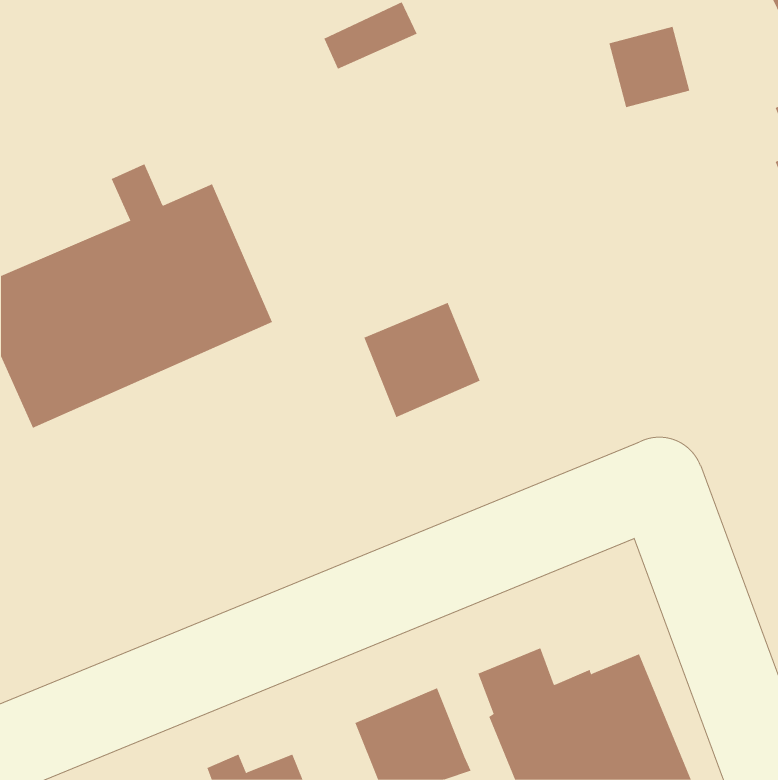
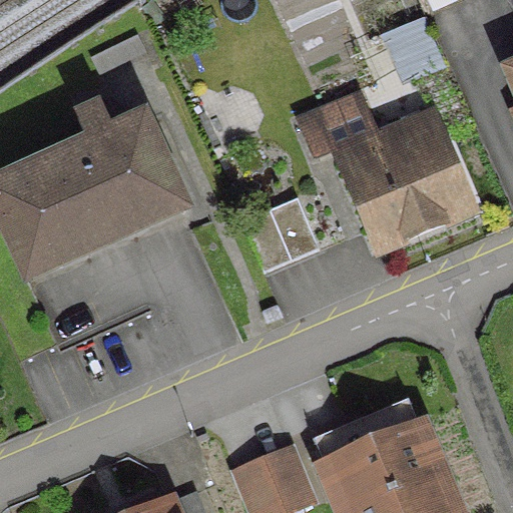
building: none -> [303,95,472,249]

